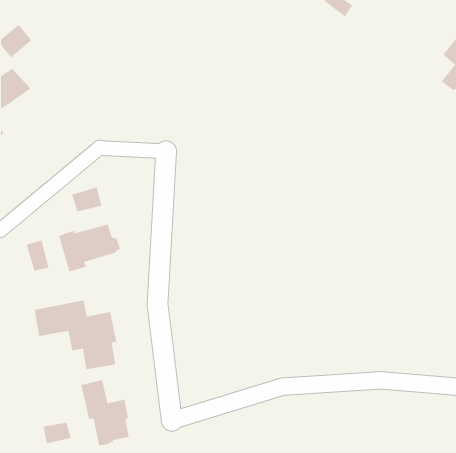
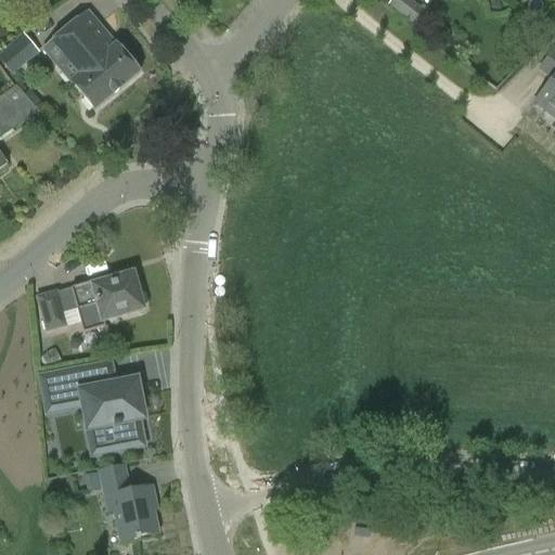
building: none -> [42,8,139,106]
building: [71,187,102,212] -> none
building: [43,422,71,444] -> none

